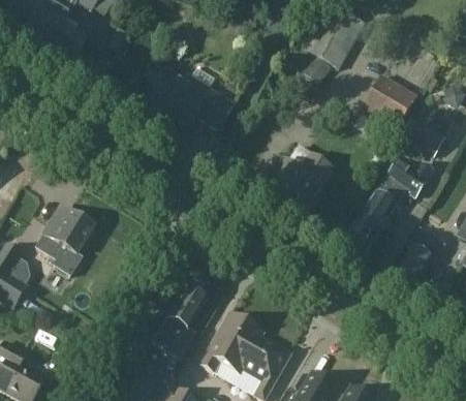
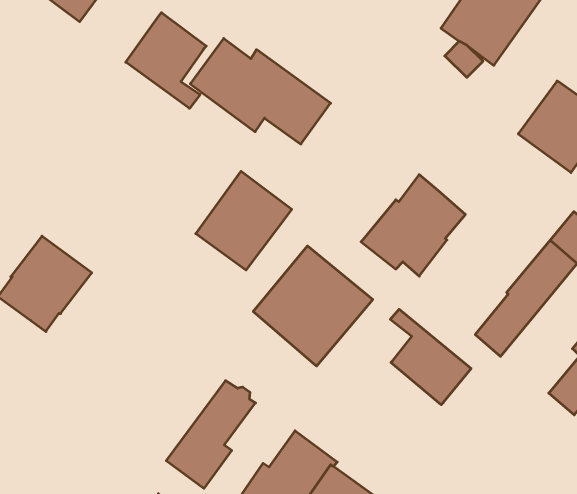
building: none -> [126,13,206,108]
building: none -> [196,171,292,270]
building: none -> [253,246,373,366]
building: none -> [390,309,471,405]

